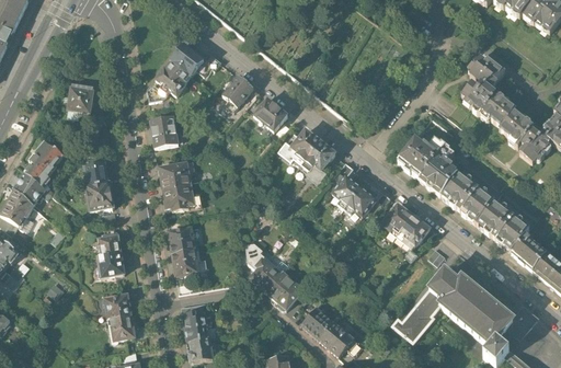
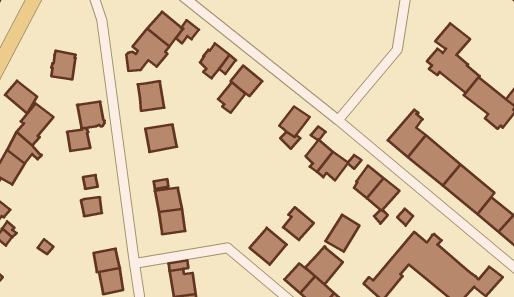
building: none -> [5,81,37,113]
building: [288,129,317,161] -> [218,82,245,113]
building: [394,139,442,176] -> none
building: [167,183,204,209] -> none
building: [82,184,111,211] -> [77,102,105,128]
building: [94,252,122,277] -> none
building: none -> [325,215,359,252]
building: [254,254,286,288] -> [283,207,314,240]
building: none -> [305,246,343,284]

